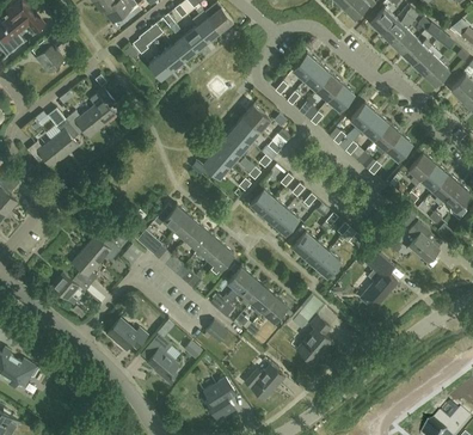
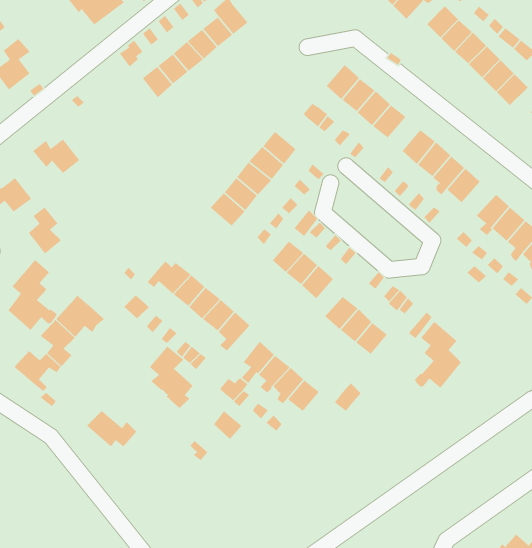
building: [88,90,115,127] -> none
building: [51,120,78,157] -> [28,207,62,255]
building: none -> [7,259,58,331]
building: [407,221,438,264] -> none
building: [296,317,330,363] -> none
building: [143,335,178,384] -> [149,346,194,409]
building: [244,364,283,399] -> none
building: [203,379,234,419] -> none

